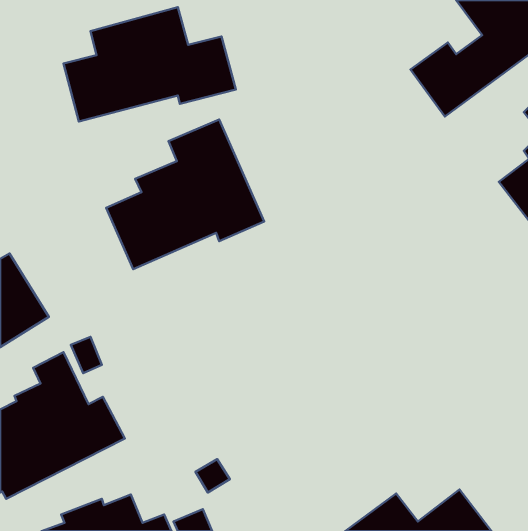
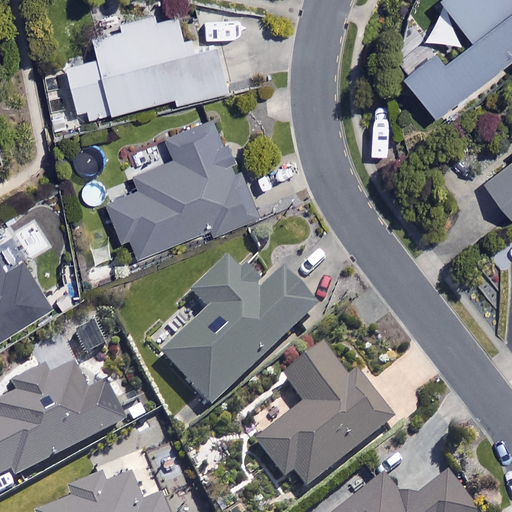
building: none -> [160,258,316,407]
building: none -> [254,347,392,489]

